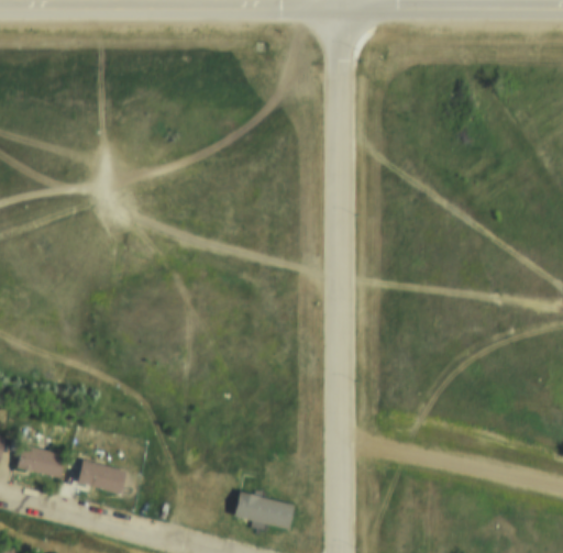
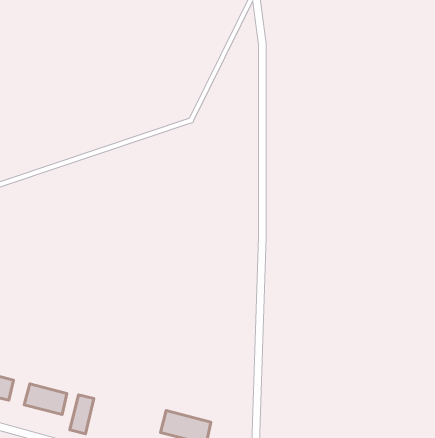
building: none -> [70,395,94,434]

